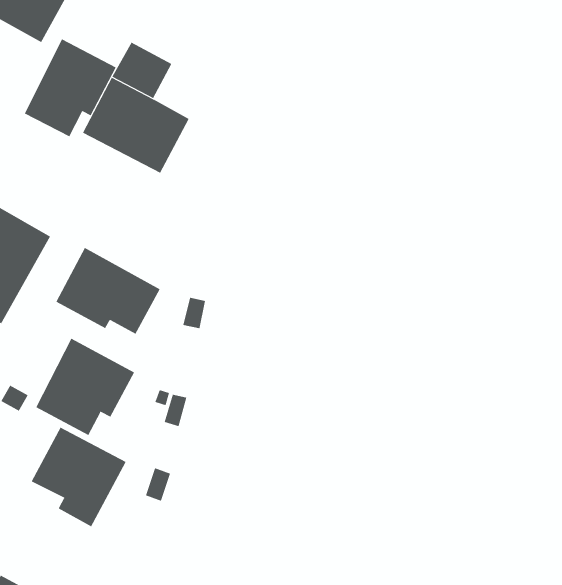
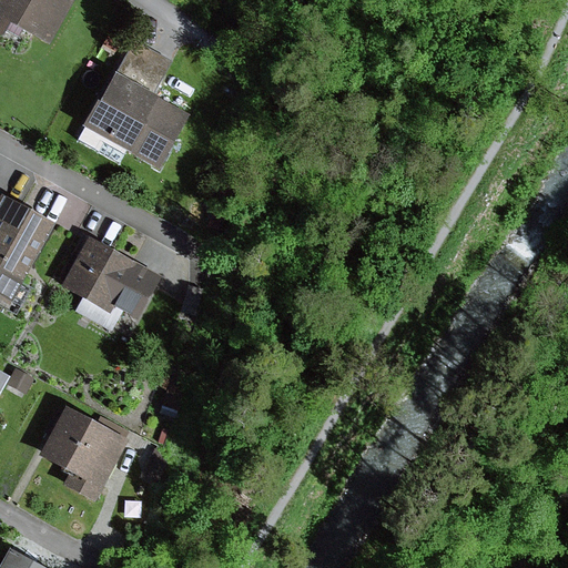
building: [24,39,116,137] -> none
building: [35,338,135,436] -> none

